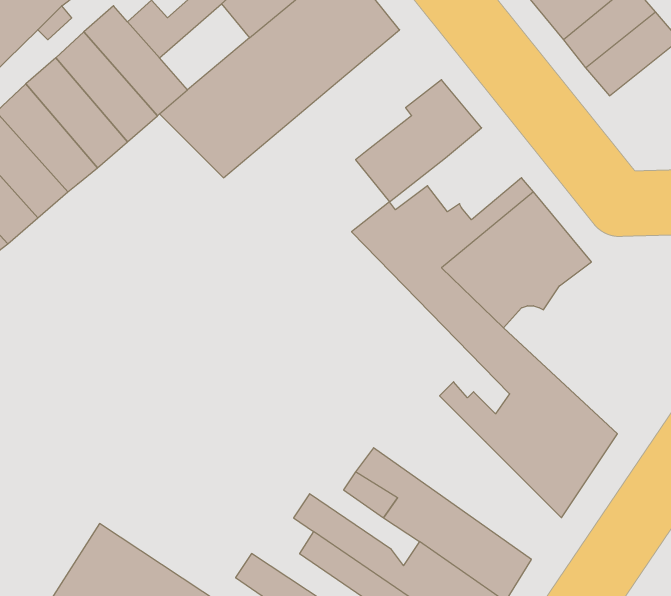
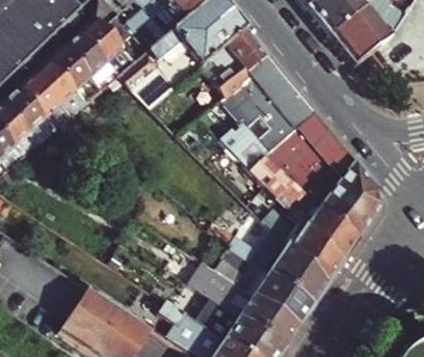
building: none -> [211,28,265,91]
building: none -> [238,79,307,127]
building: none -> [297,148,379,238]
building: none -> [230,232,327,303]

